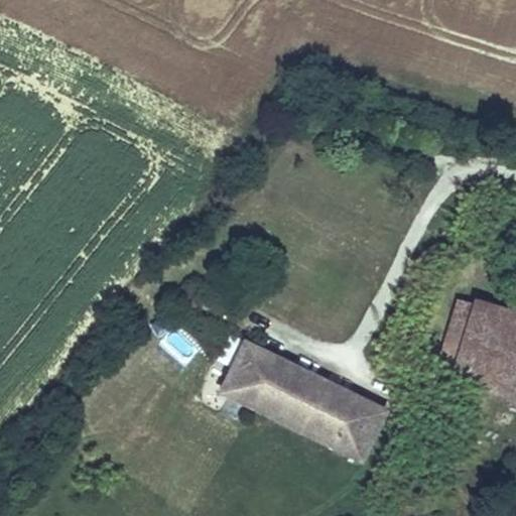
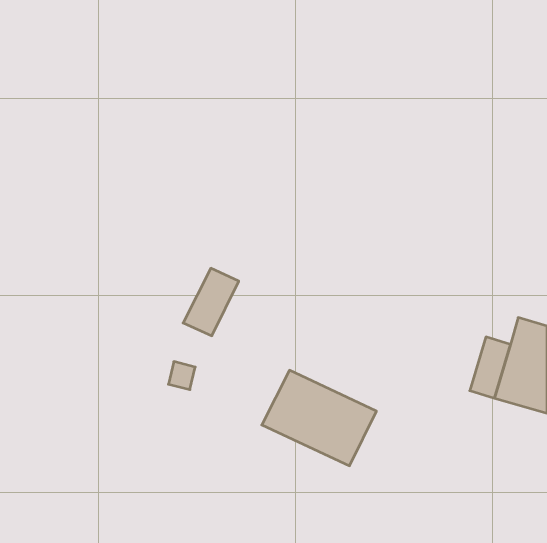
building: [219,341,271,404] -> [183,268,239,336]
building: [329,391,409,461] -> none

